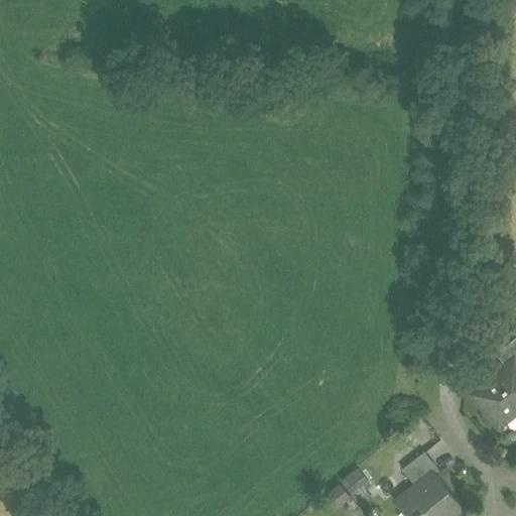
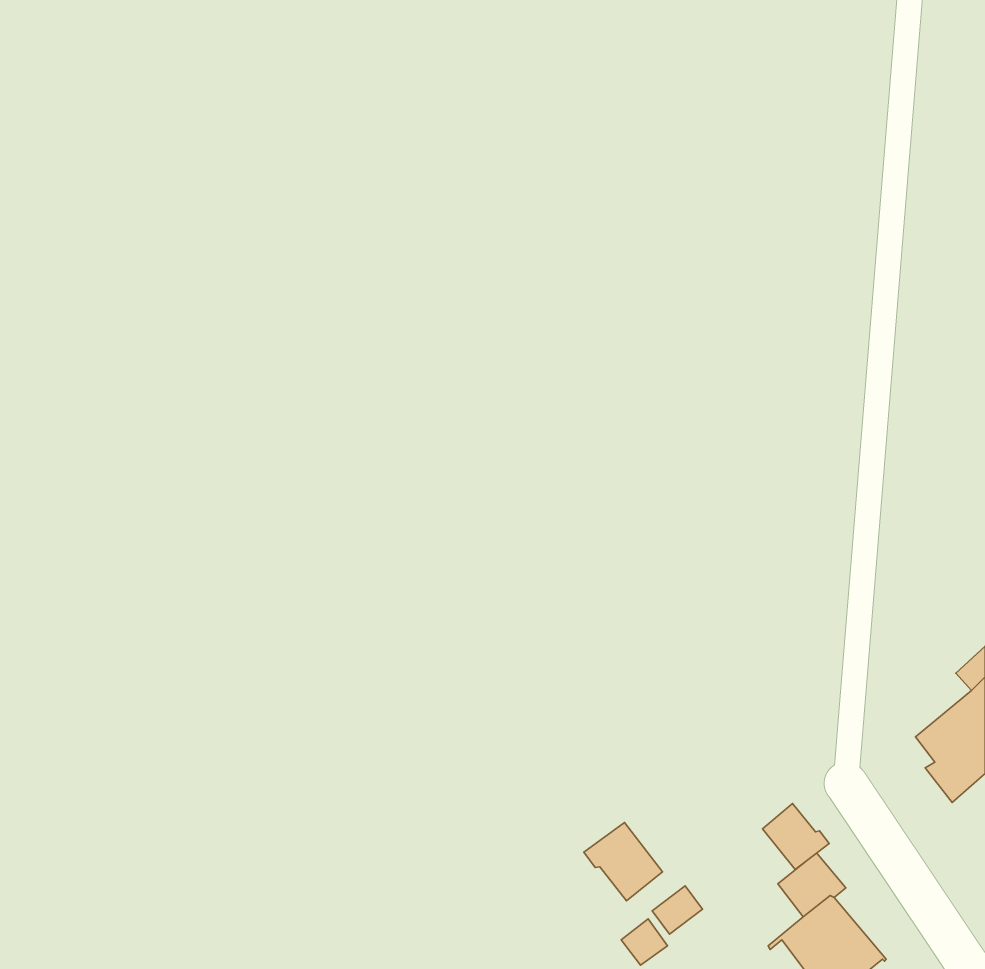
building: none -> [762,804,829,869]
building: none -> [584,822,663,901]

